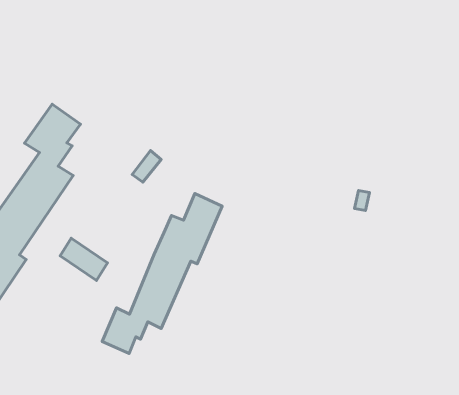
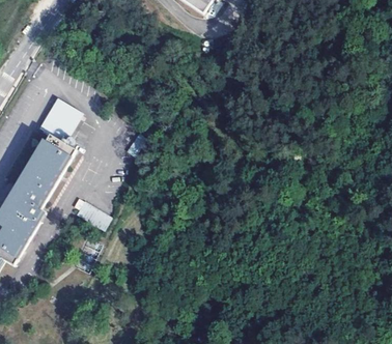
building: [102,194,222,353] -> none

